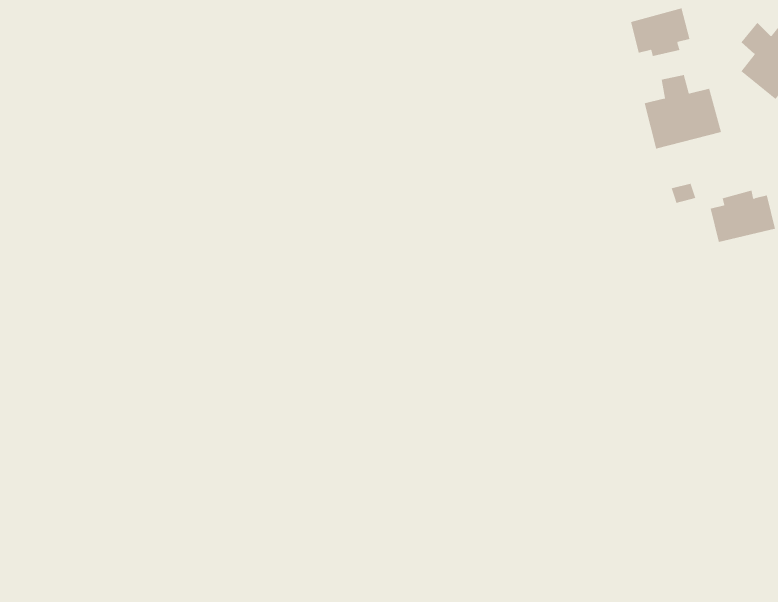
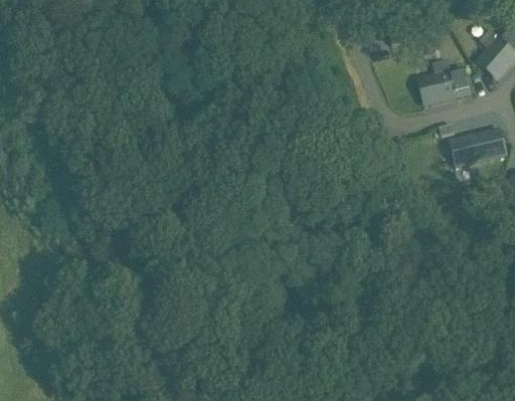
building: [630,8,690,57] -> none

